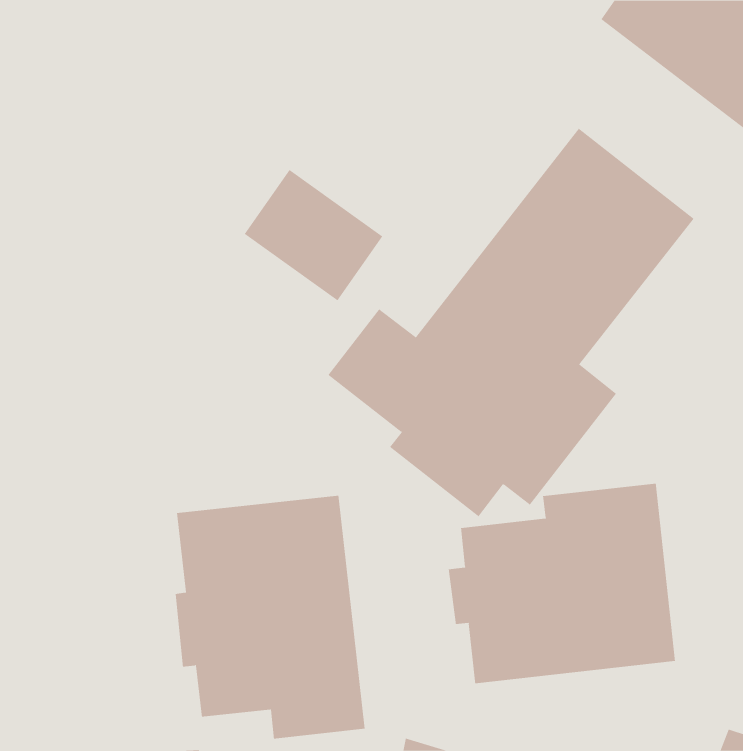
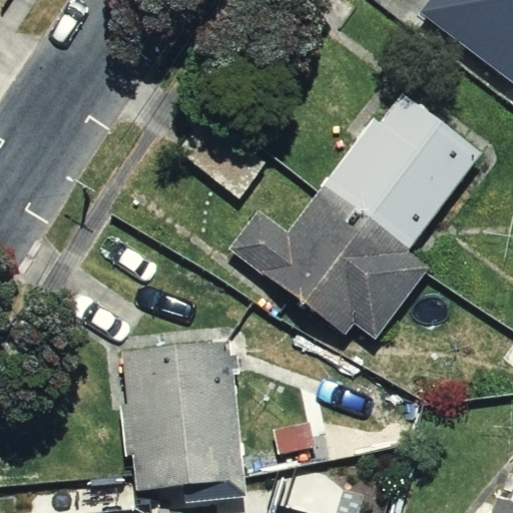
building: [448,483,676,684] -> none

